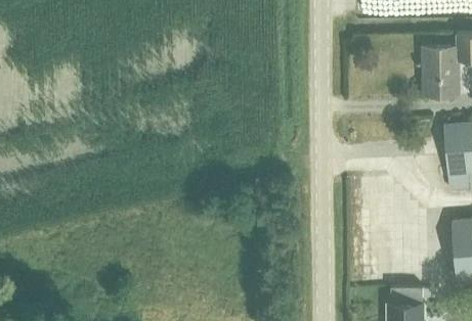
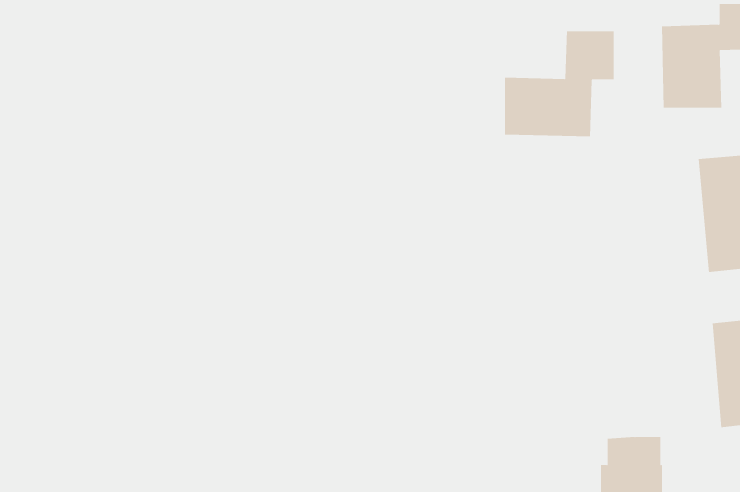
building: none -> [504,30,614,137]

